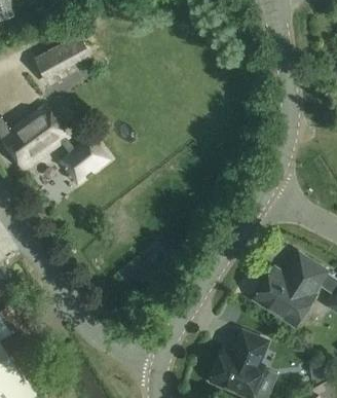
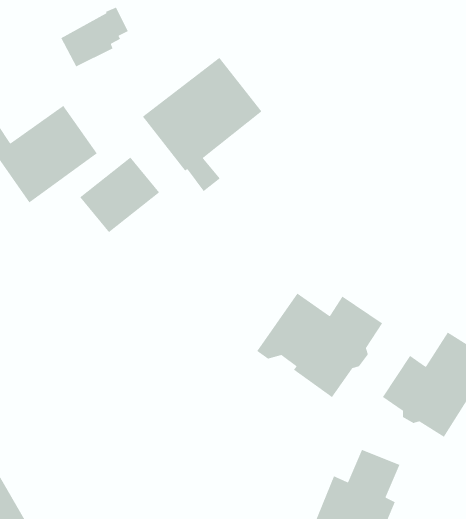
building: none -> [142,57,263,192]
building: none -> [256,292,383,398]

